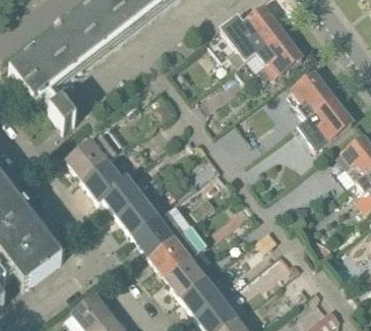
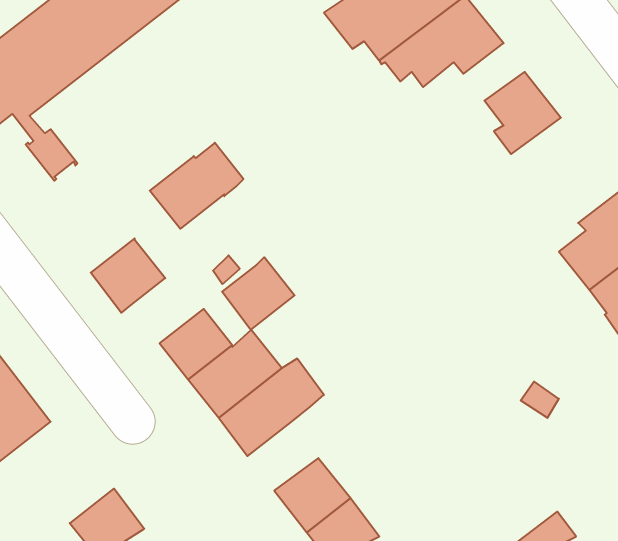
building: [299,94,352,144] -> none
building: [66,130,116,176] -> [150,143,243,229]
building: [104,175,142,214] -> [222,257,295,330]
building: [166,256,203,292] -> none

